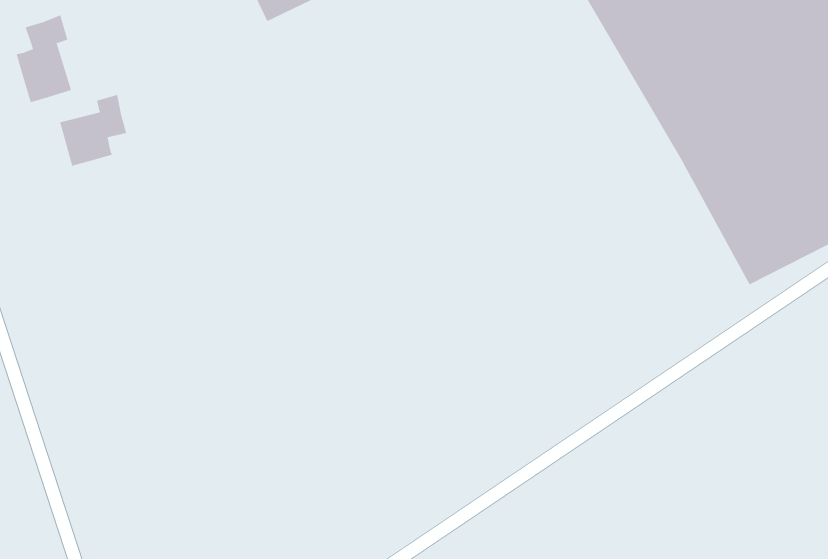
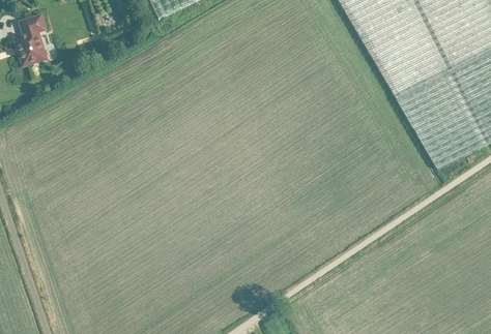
building: [60,94,127,166] -> none

